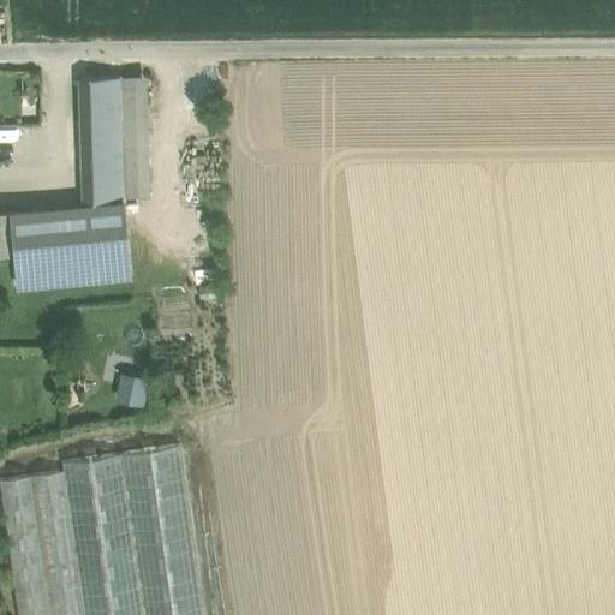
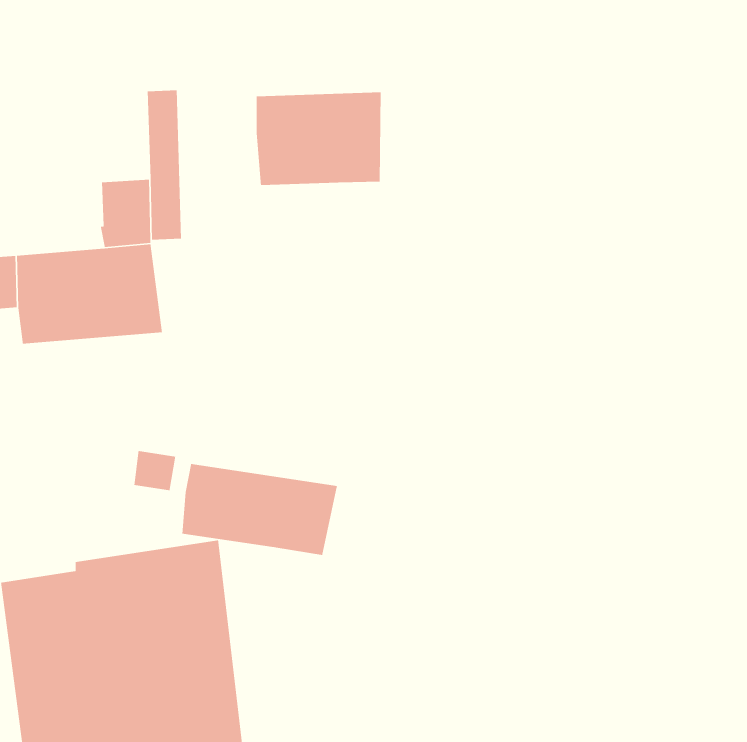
building: [80,80,123,155] -> none
building: none -> [256,92,382,186]
building: none -> [182,463,338,556]

